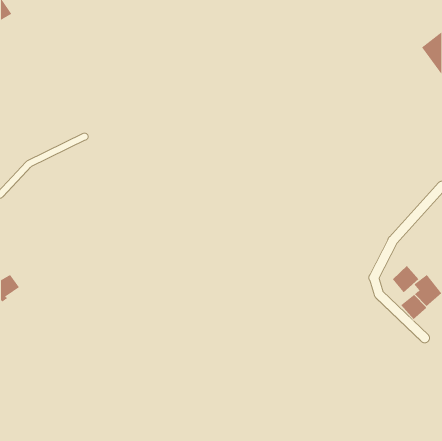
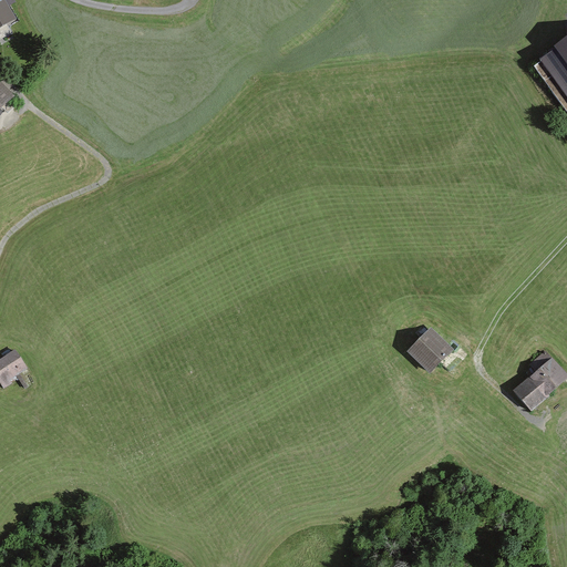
building: none -> [409,330,450,371]
building: [392,265,419,293] -> none

